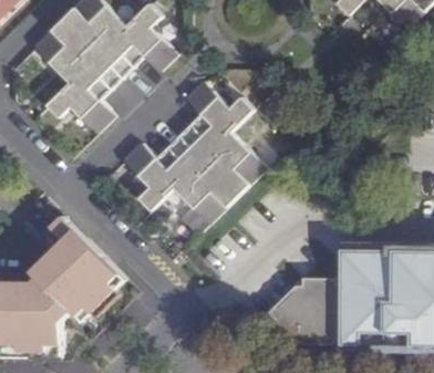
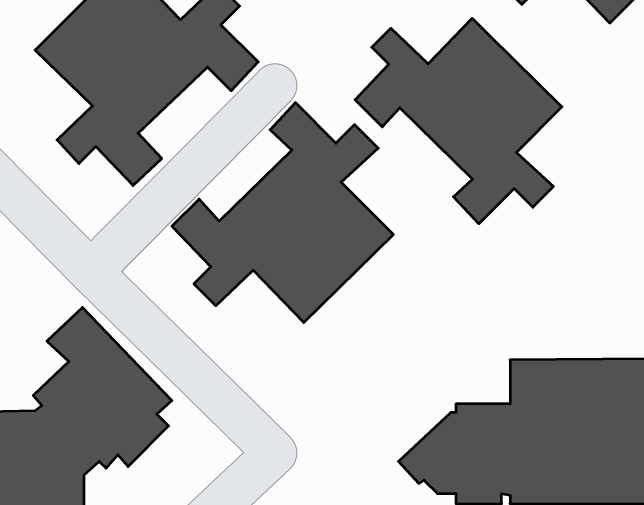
building: none -> [355,18,562,224]

